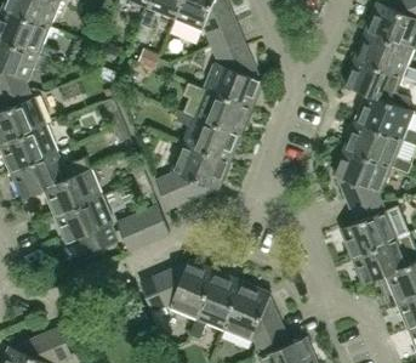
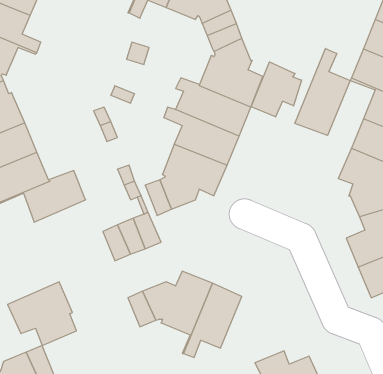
building: none -> [295,48,350,135]
building: none -> [251,62,302,117]
building: [53,194,116,253] -> [8,282,76,345]
building: [224,283,283,344] -> none

